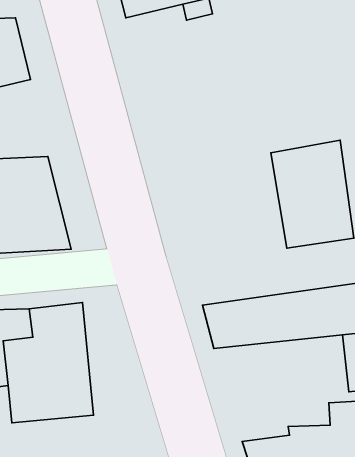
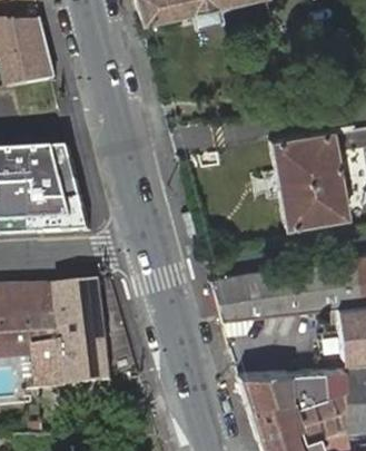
building: none -> [236,369,325,403]

